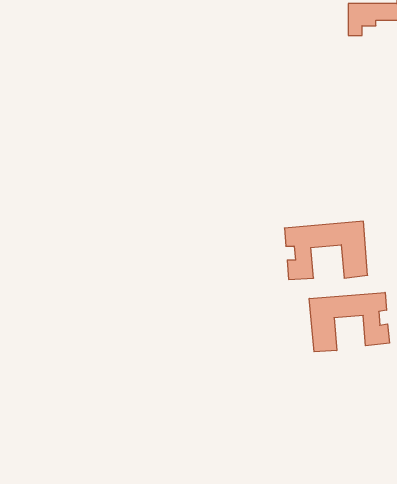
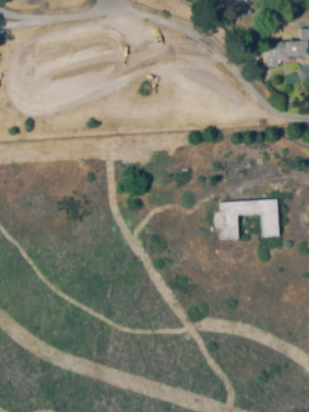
building: [309,292,389,352] -> none

